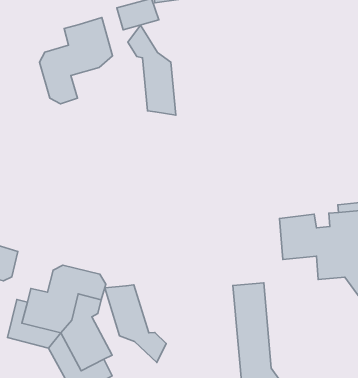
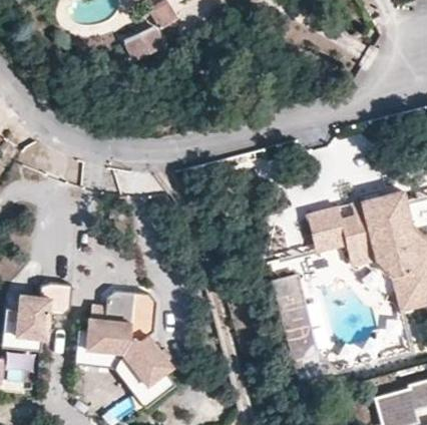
building: [40,18,113,104] -> none
building: [128,25,176,115] -> none
building: [105,285,166,363] -> none

